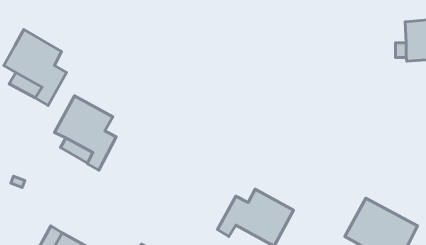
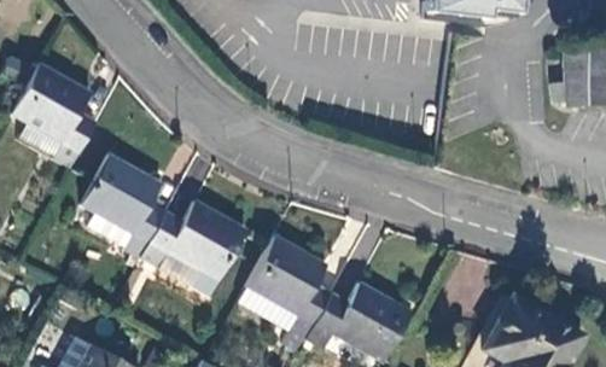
building: none -> [142,200,246,293]
building: none -> [237,235,332,350]

